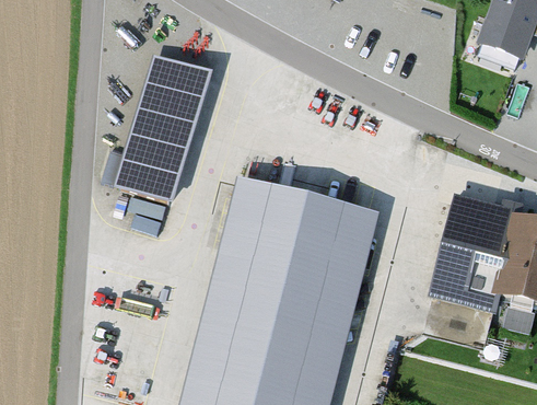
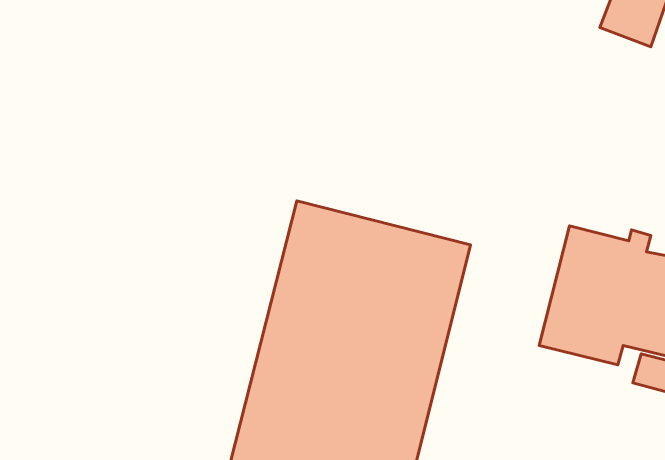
building: [113,53,211,206] -> none

